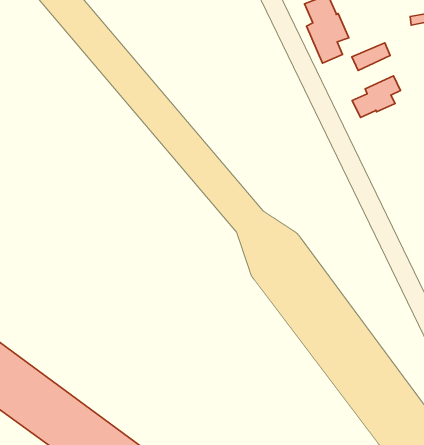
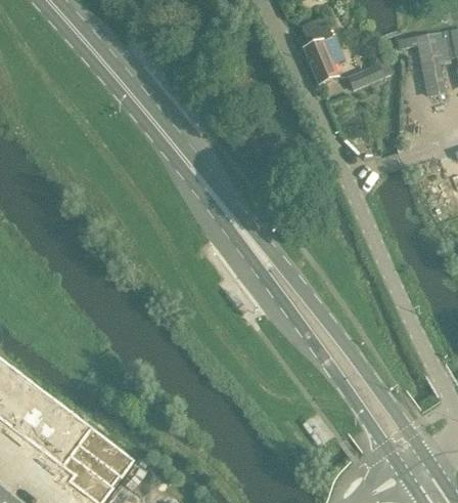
building: [352,76,401,117] -> none

